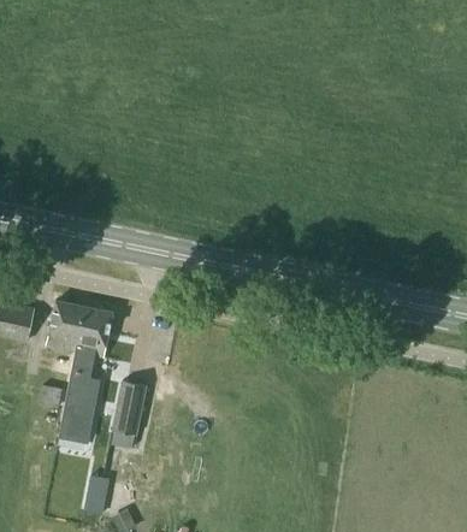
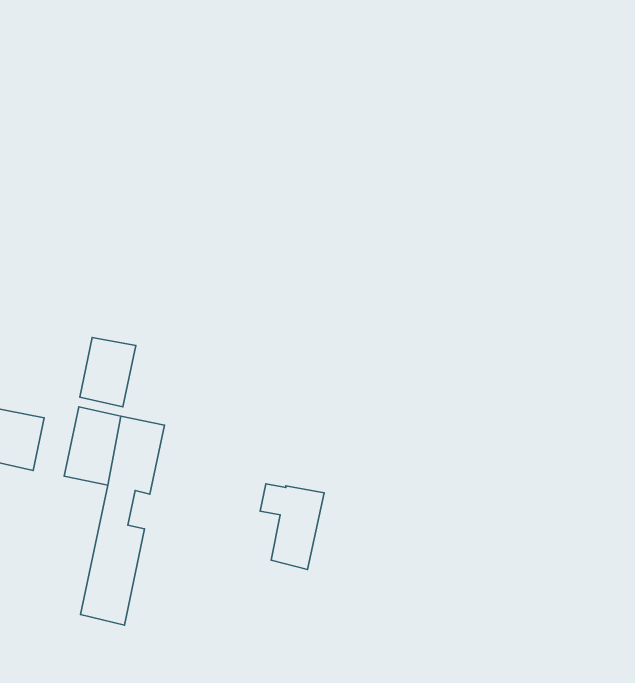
building: none -> [80,338,136,407]
building: [105,379,147,436] -> [260,484,324,569]

